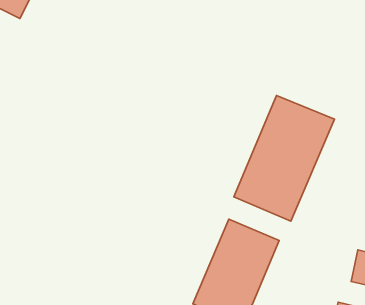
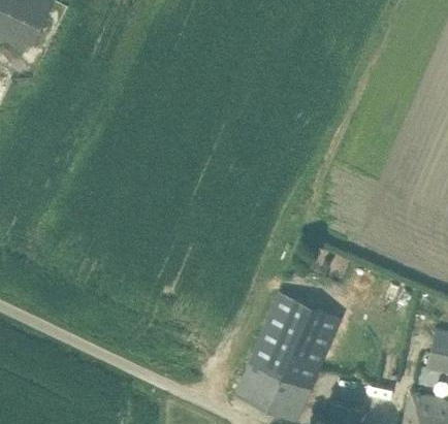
building: [234,96,334,221] -> none

